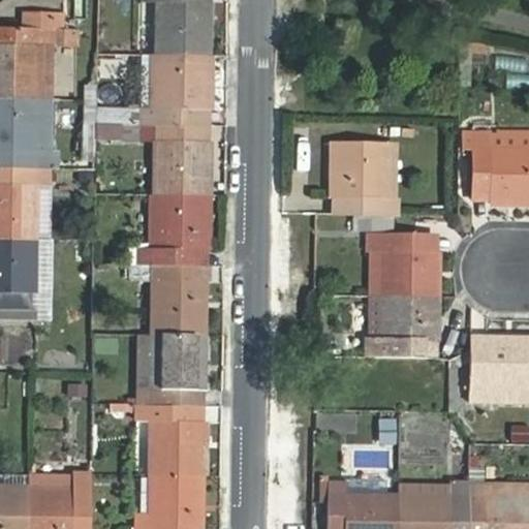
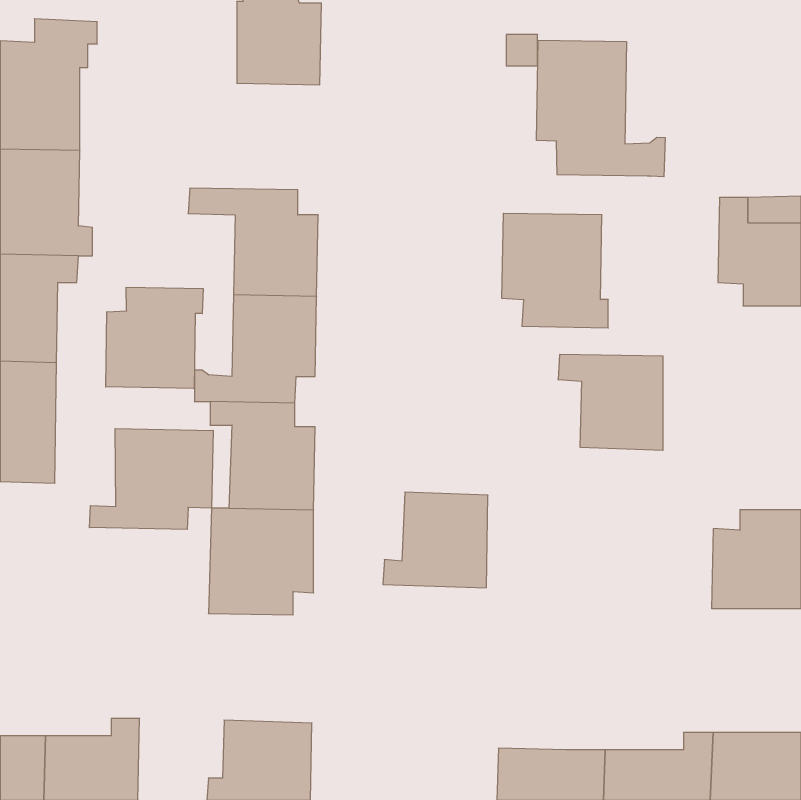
building: none -> [537,40,665,177]
building: [97,55,211,125] -> none
building: none -> [106,287,203,389]
building: none -> [89,429,213,529]
building: [368,294,437,357] -> [383,492,488,588]
building: [137,404,206,476] -> none

